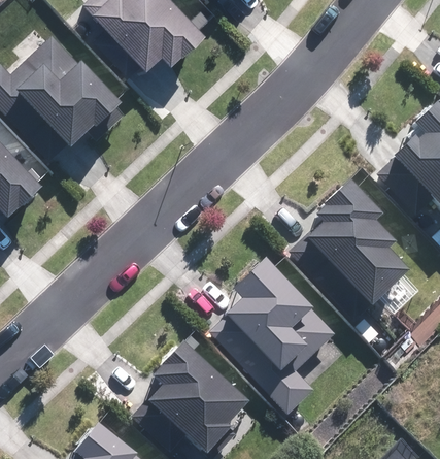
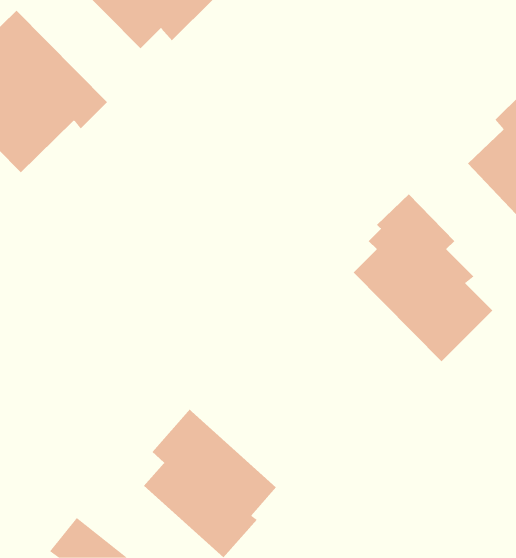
building: [224,256,341,411] -> none

